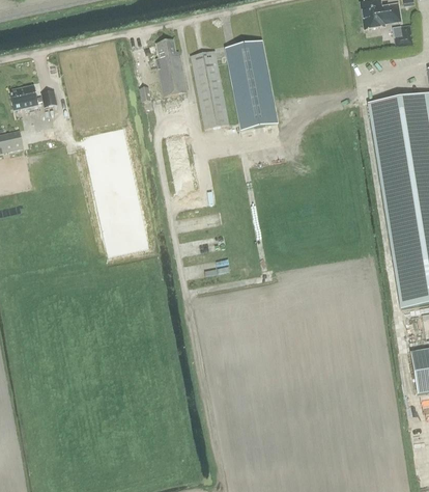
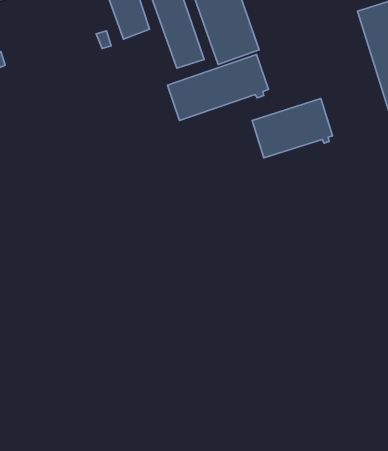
building: none -> [168,54,268,120]
building: none -> [252,98,333,158]

